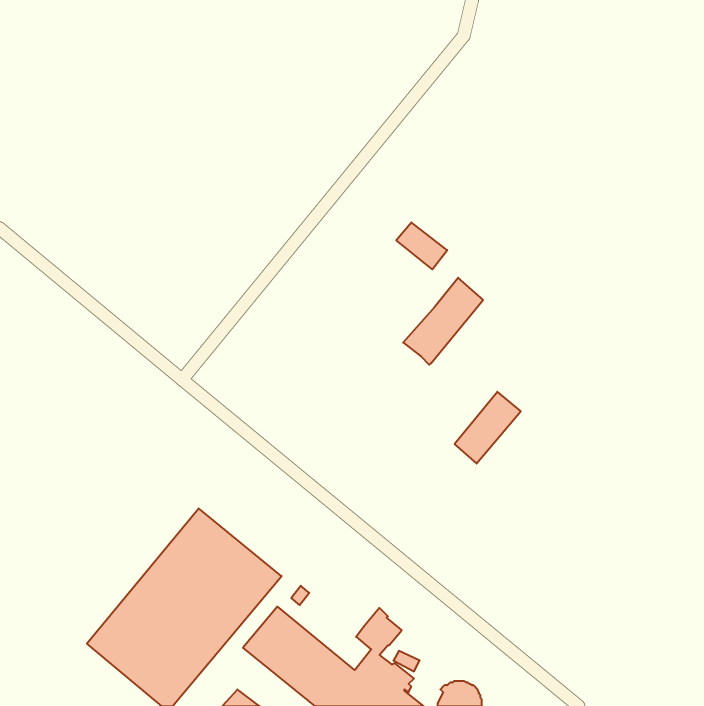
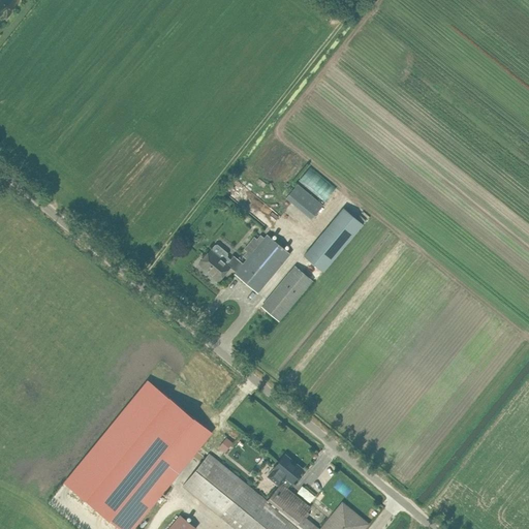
building: none -> [284,184,322,219]
building: none -> [197,235,289,292]
building: [455,392,521,464] -> [261,267,311,320]

